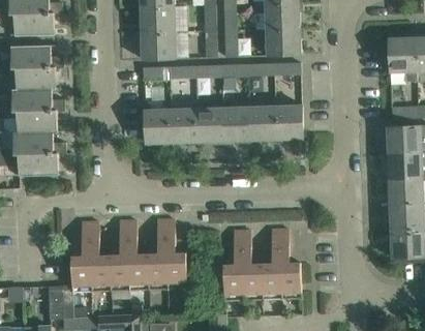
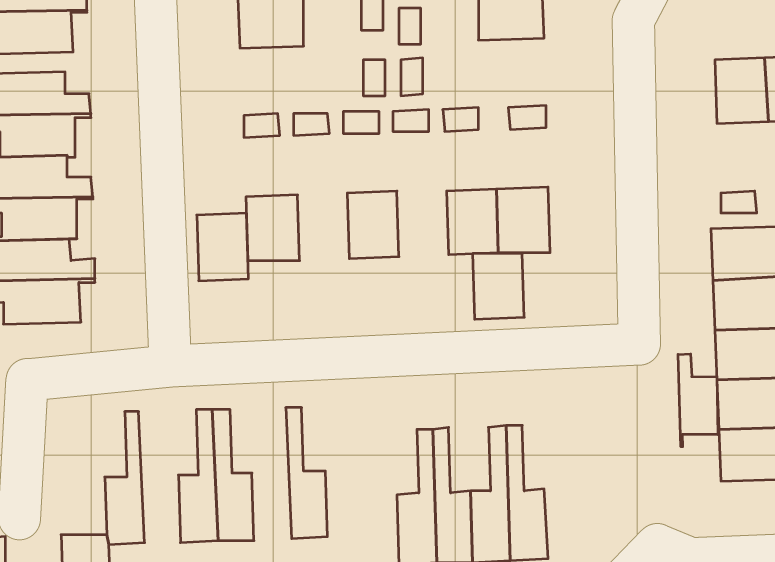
building: [265,27,300,55] -> none
building: [141,31,175,59] -> none
building: [222,107,249,141] -> [473,254,524,319]
building: [171,108,198,143] -> [197,213,248,281]
building: none -> [678,354,718,447]
building: [147,219,168,289] -> none
building: [88,221,110,290] -> none

